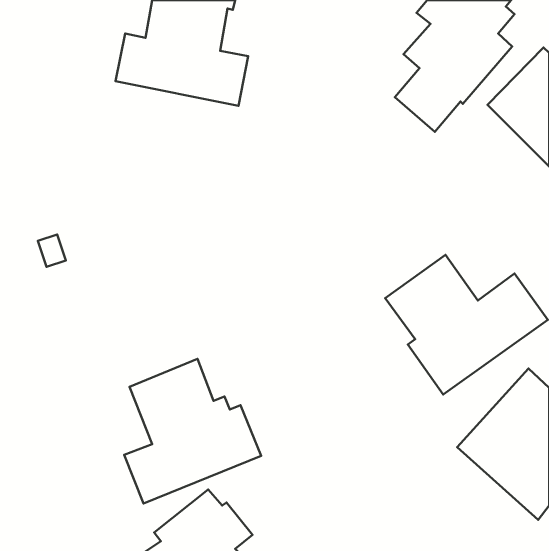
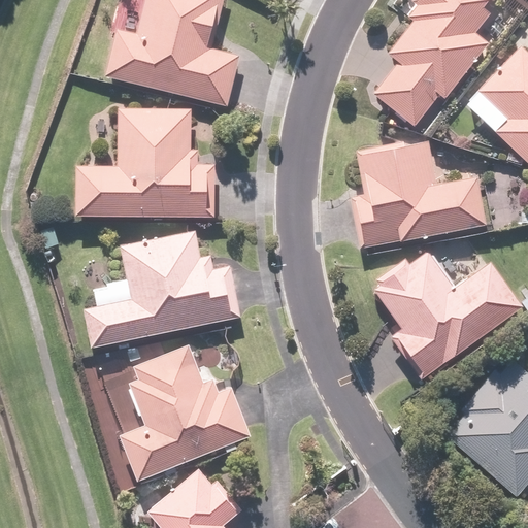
building: none -> [75,109,217,218]
building: none -> [352,138,488,249]
building: none -> [78,231,241,346]

